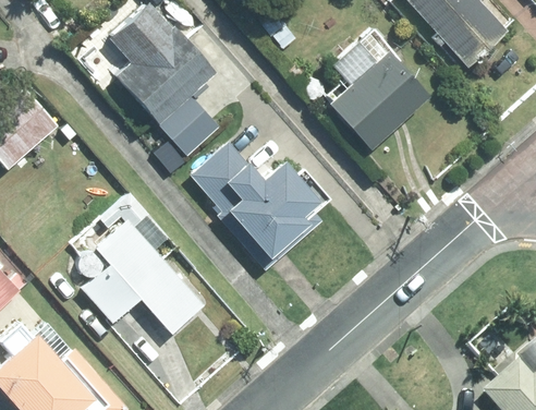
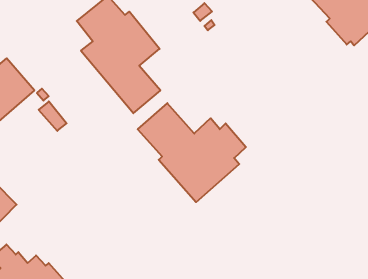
building: [327,40,429,149] -> none
building: [82,191,204,334] -> none

